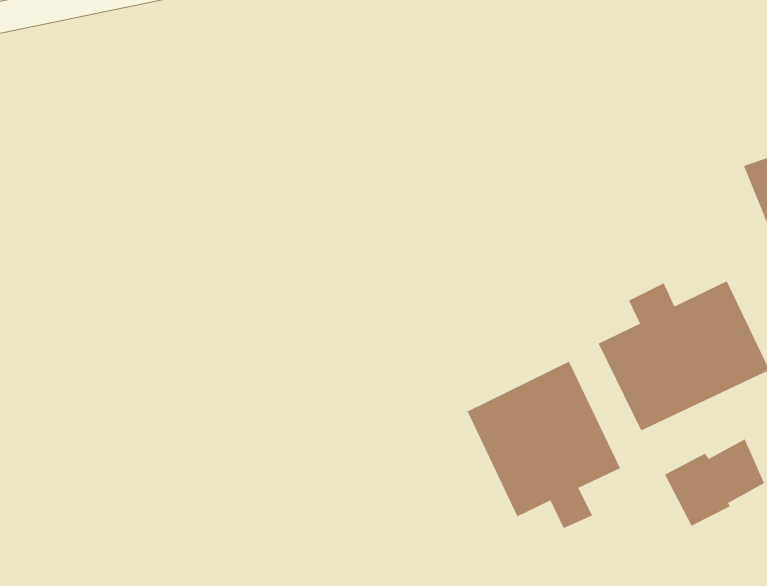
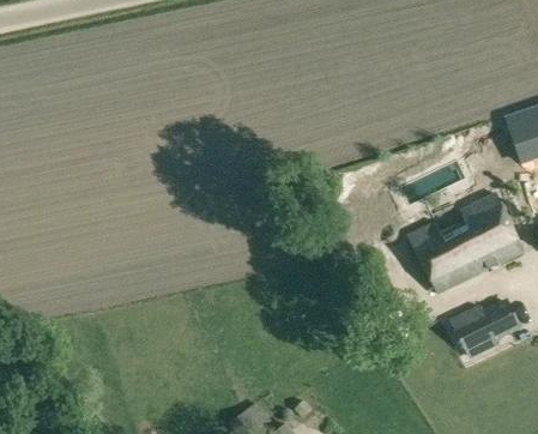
building: [467,361,621,529] -> none

